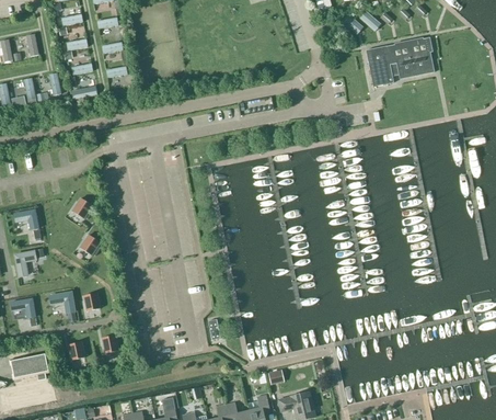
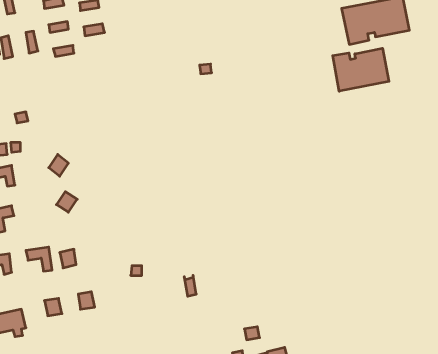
building: none -> [333,48,389,91]

